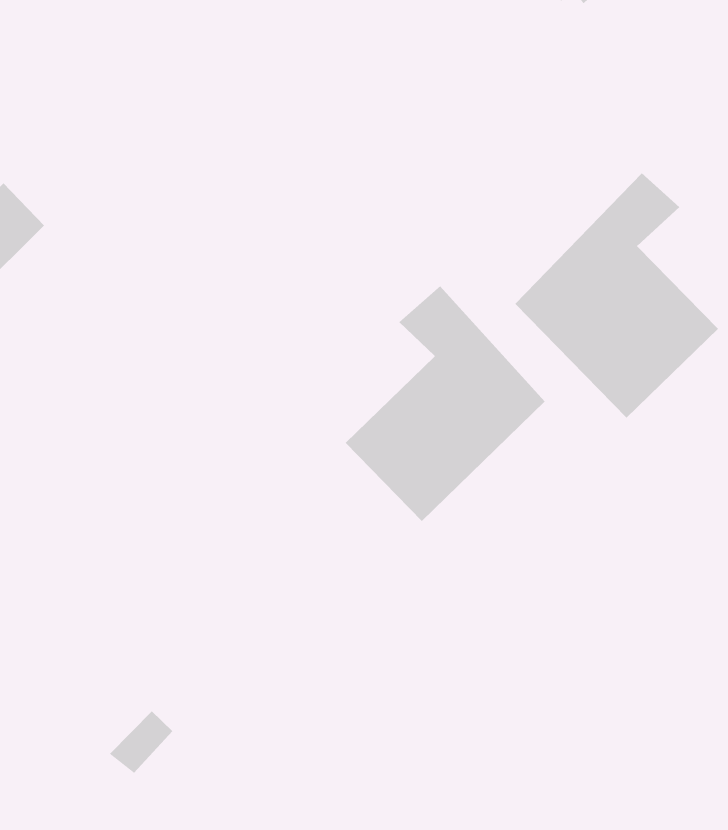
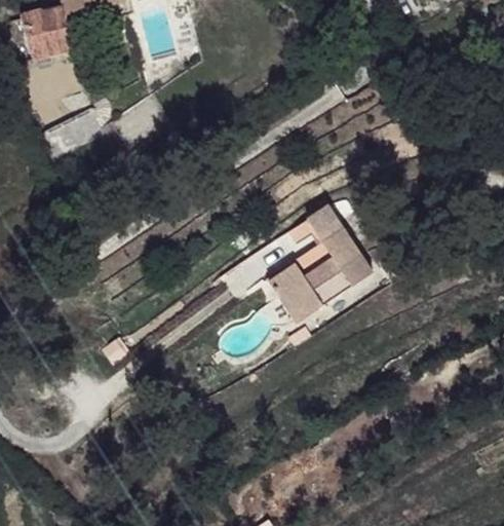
building: [514,172,719,419] -> none

